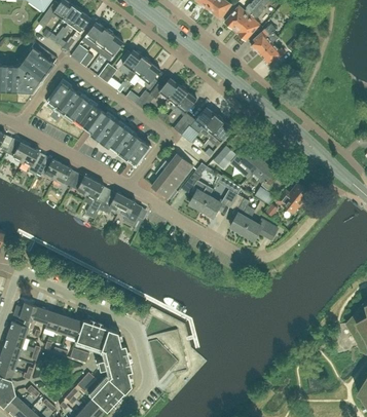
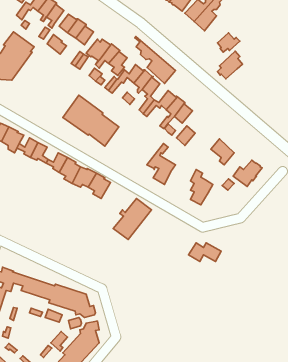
building: [251,24,279,54] -> [218,51,243,79]
building: none -> [135,36,175,84]
building: [46,79,102,131] -> none
building: [230,146,262,178] -> none
building: [151,154,193,199] -> [113,199,151,240]
building: [201,190,236,217] -> none
building: [242,220,278,240] -> [189,243,221,261]

